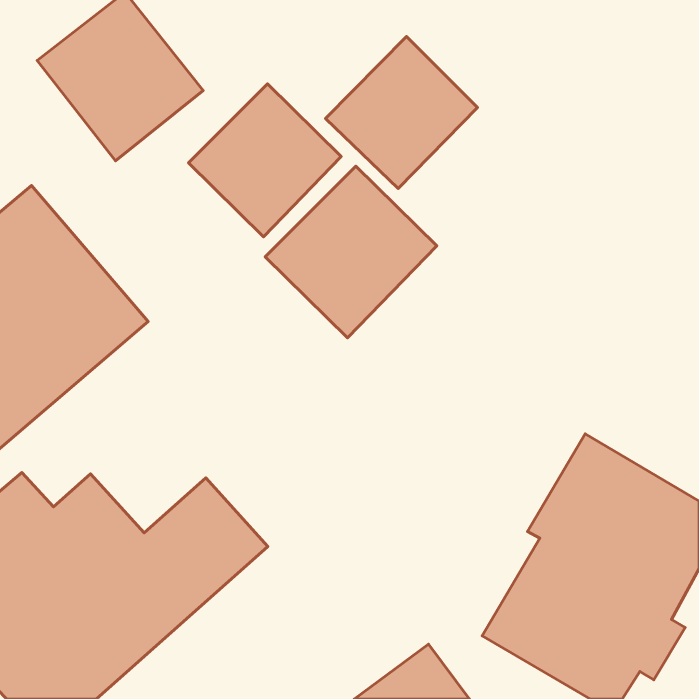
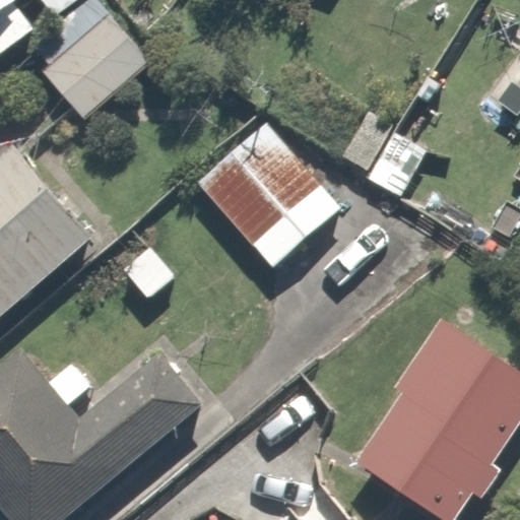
building: [326,36,478,188] -> none
building: [189,84,341,237] -> none

